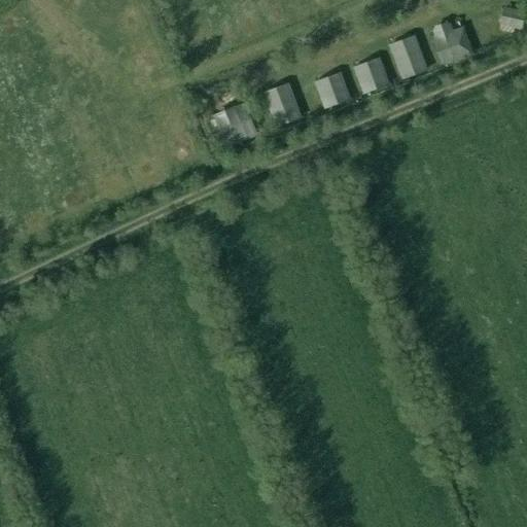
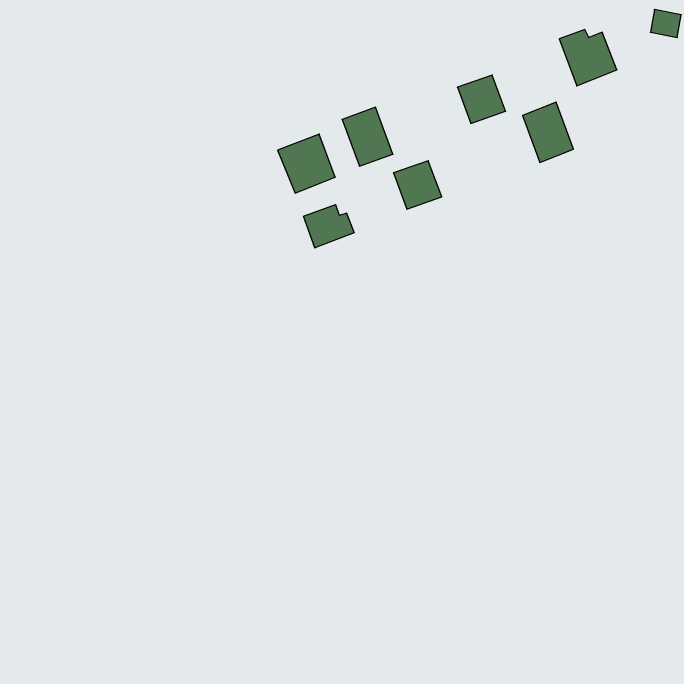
building: [389,34,428,80] -> [523,102,573,162]
building: [314,72,351,109] -> [393,161,442,209]
building: none -> [304,205,354,248]

